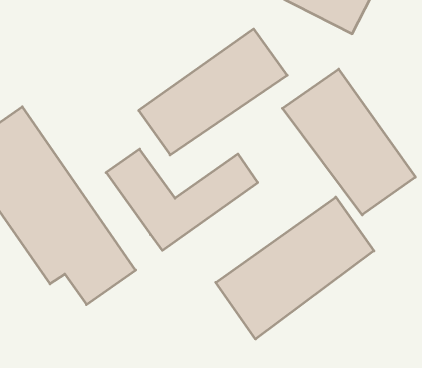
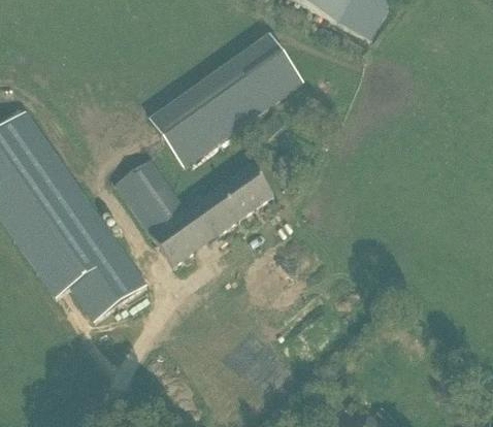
building: [282,69,415,215] -> none
building: [216,197,374,339] -> none

